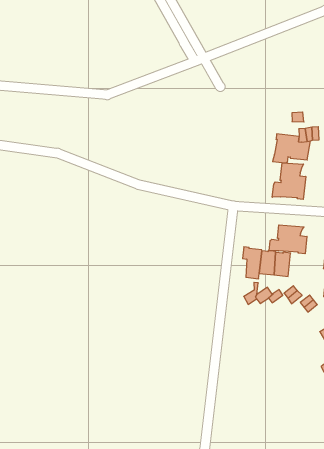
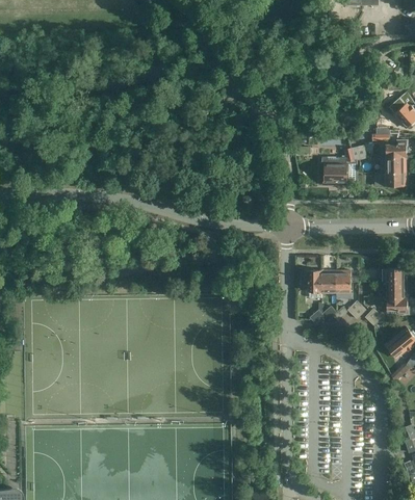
building: [272,163,306,199] -> none
building: [269,225,307,254] -> none

